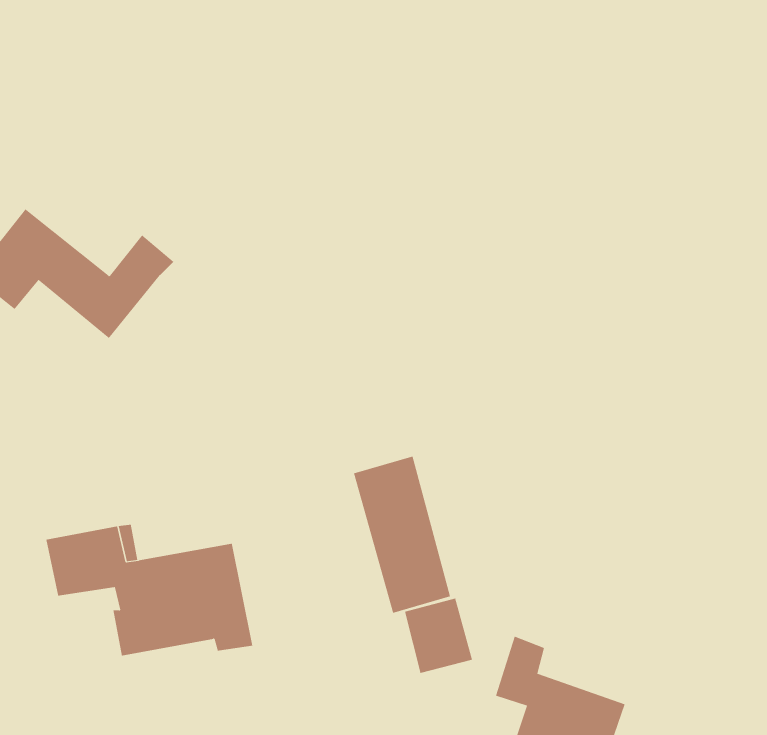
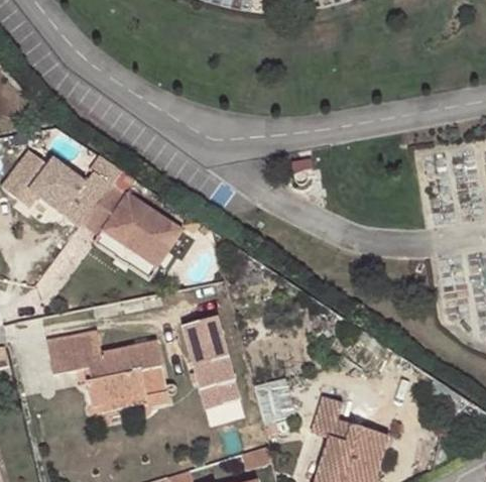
building: none -> [84,187,183,268]
building: [353,456,451,614] -> [181,319,239,411]

